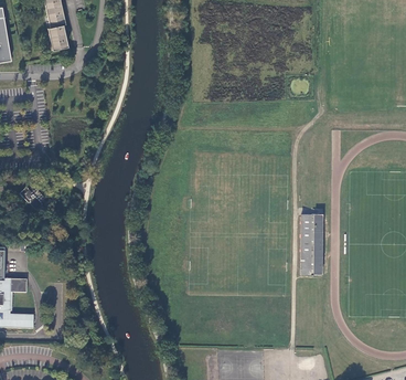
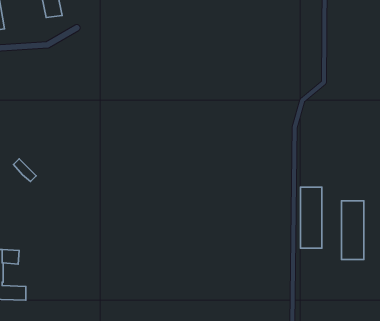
building: none -> [342,201,364,259]

